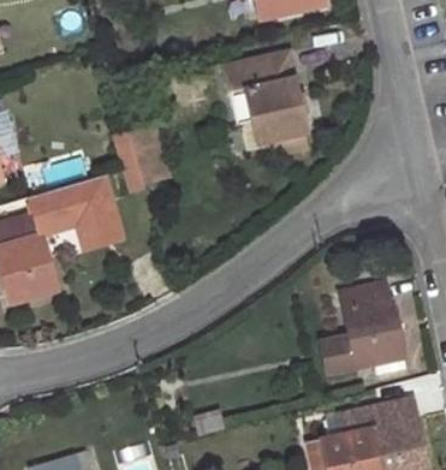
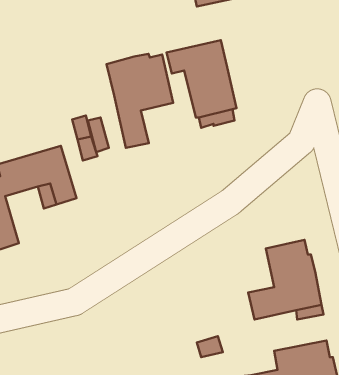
building: none -> [107,54,173,148]

